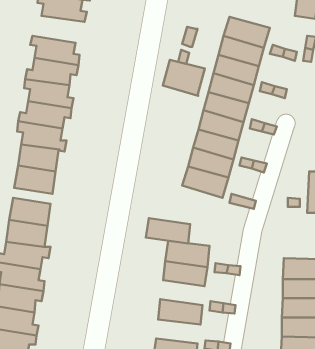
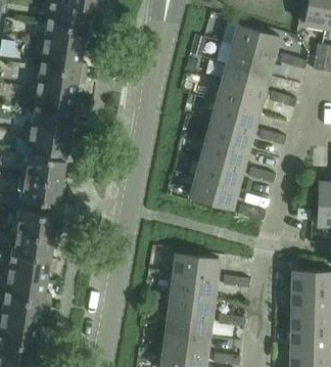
building: none -> [38,25,91,52]
building: [163,60,205,96] -> none
building: [146,218,190,243] -> [168,293,212,319]
building: none -> [163,333,208,358]

